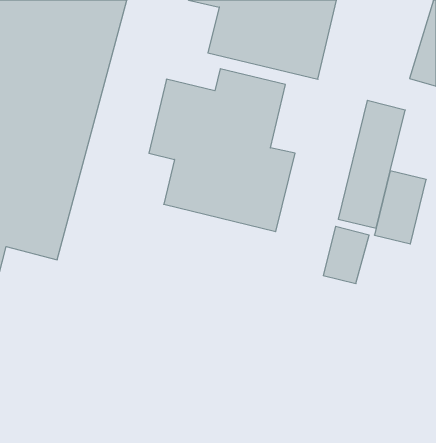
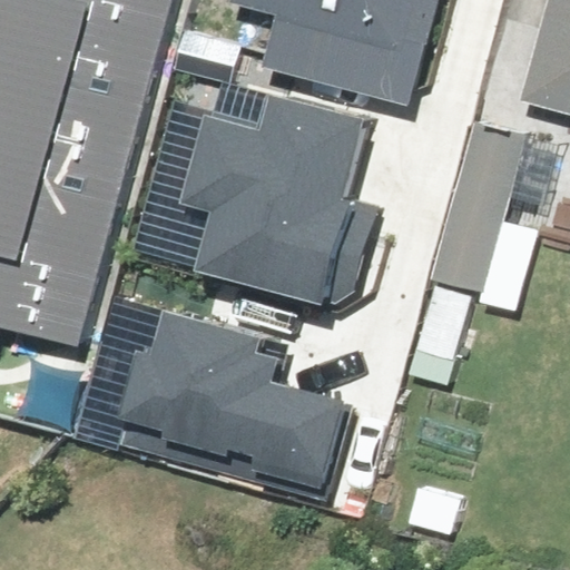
building: none -> [125,307,348,471]

